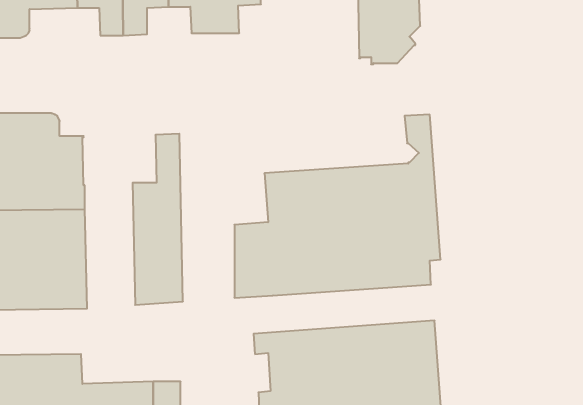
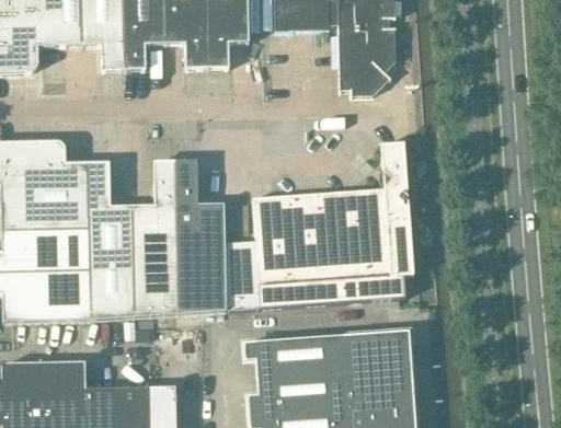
building: none -> [174,160,225,313]
building: none -> [85,162,134,320]

